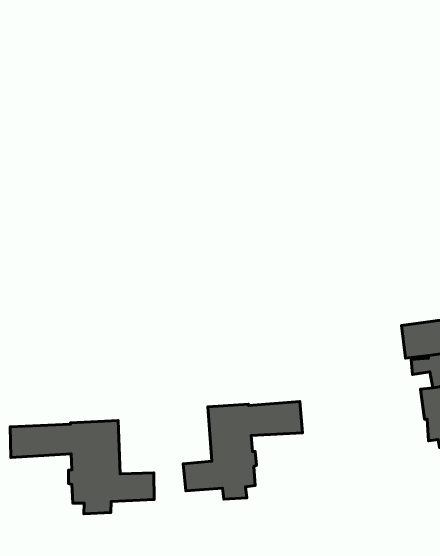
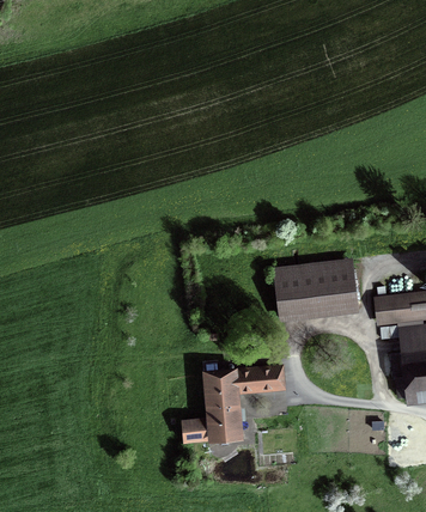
building: none -> [274,258,360,322]
building: [10,420,154,514] -> none

